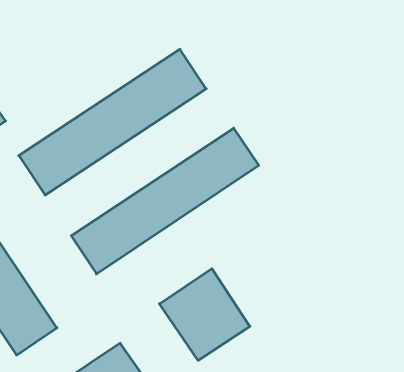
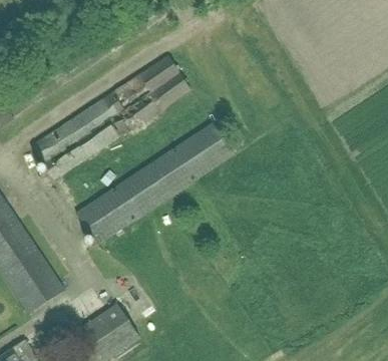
building: [159,269,250,360] -> none

